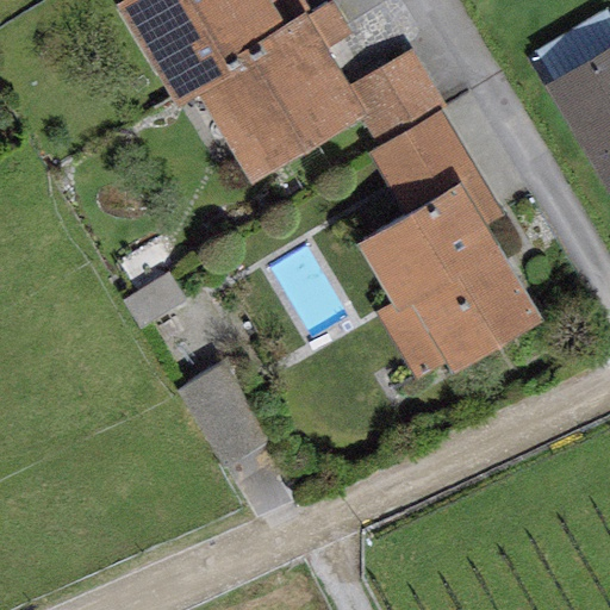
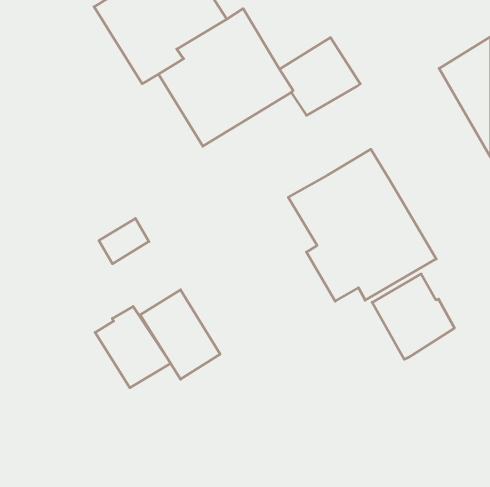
building: [368,107,503,222] -> none
building: none -> [372,274,454,359]
building: none -> [95,306,170,388]

